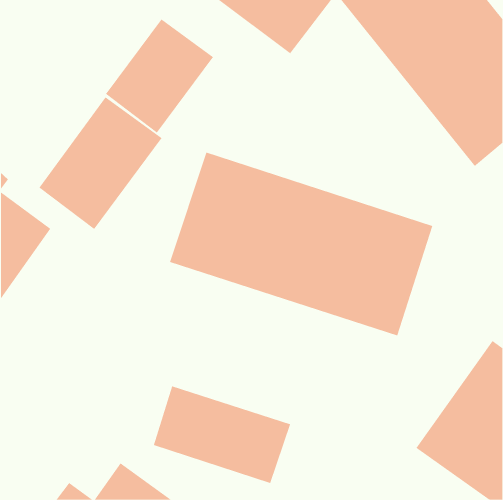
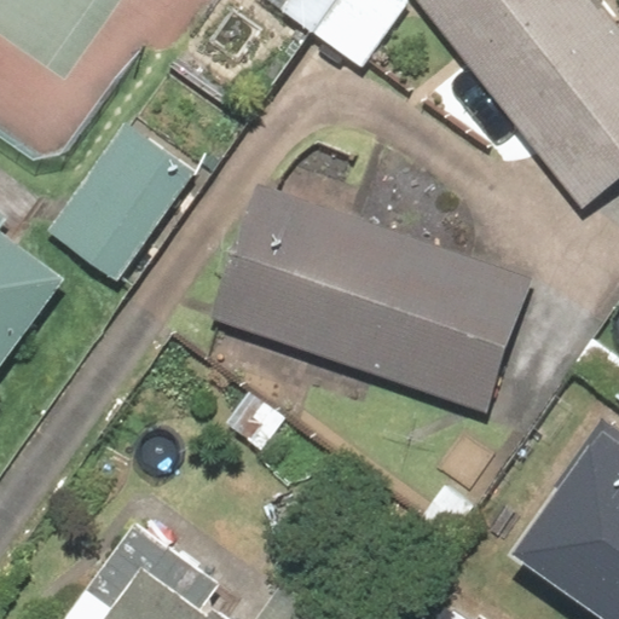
building: [105,18,214,134] -> none
building: [153,386,291,484] -> none

